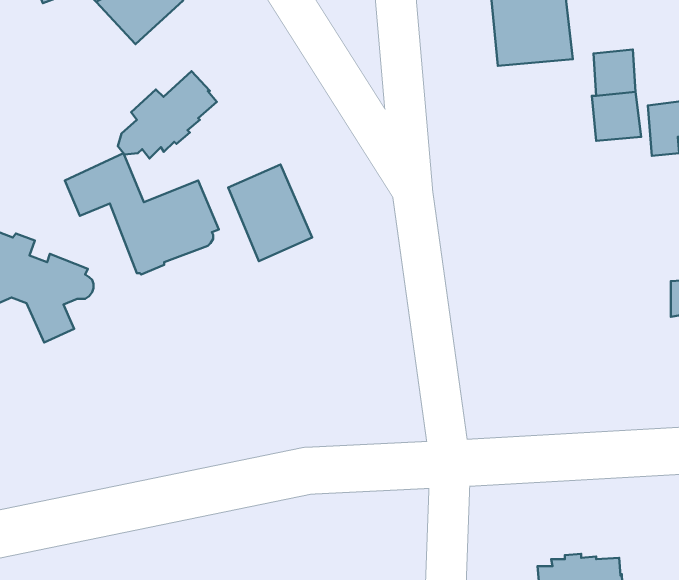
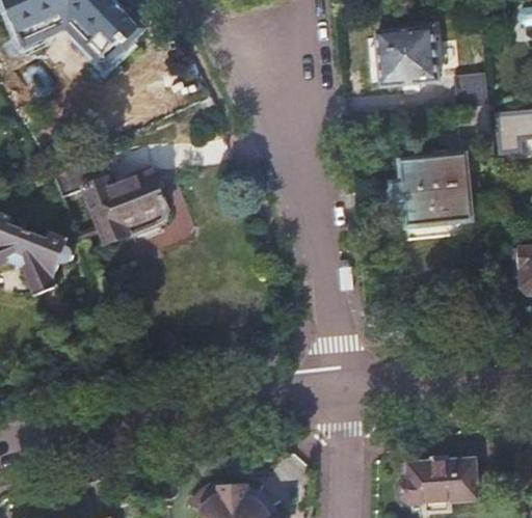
building: [118,71,217,158] -> none
building: none -> [392,155,472,227]
building: [228,164,312,261] -> none

